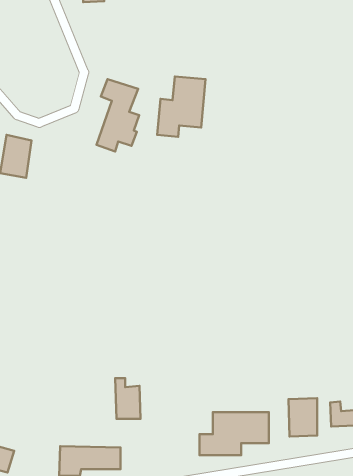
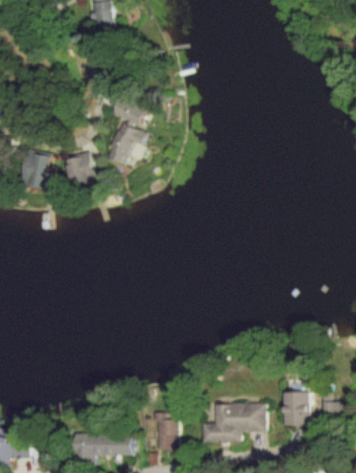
building: [157,76,205,137] -> none
building: none -> [64,152,96,189]
building: [115,378,141,419] -> [155,412,178,449]

